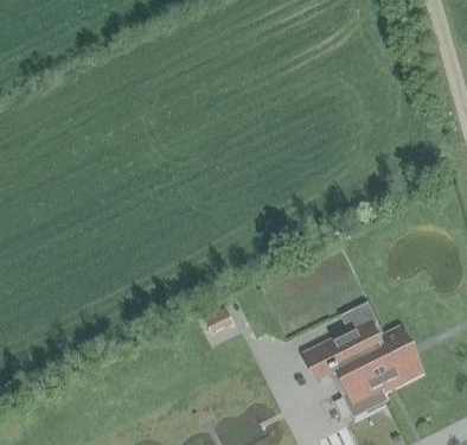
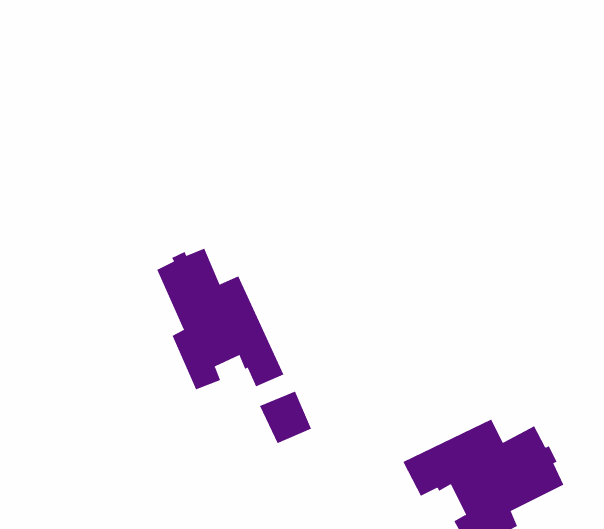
building: none -> [157,248,284,390]

